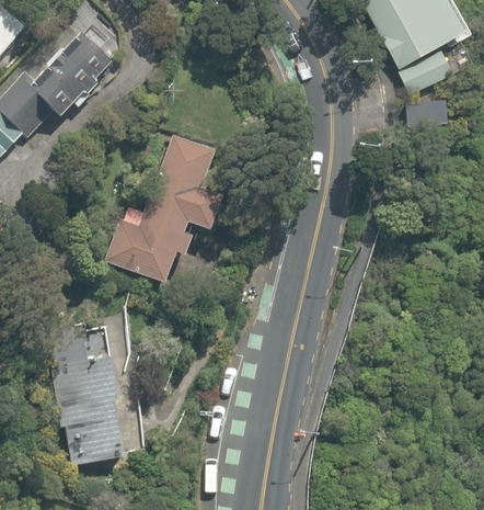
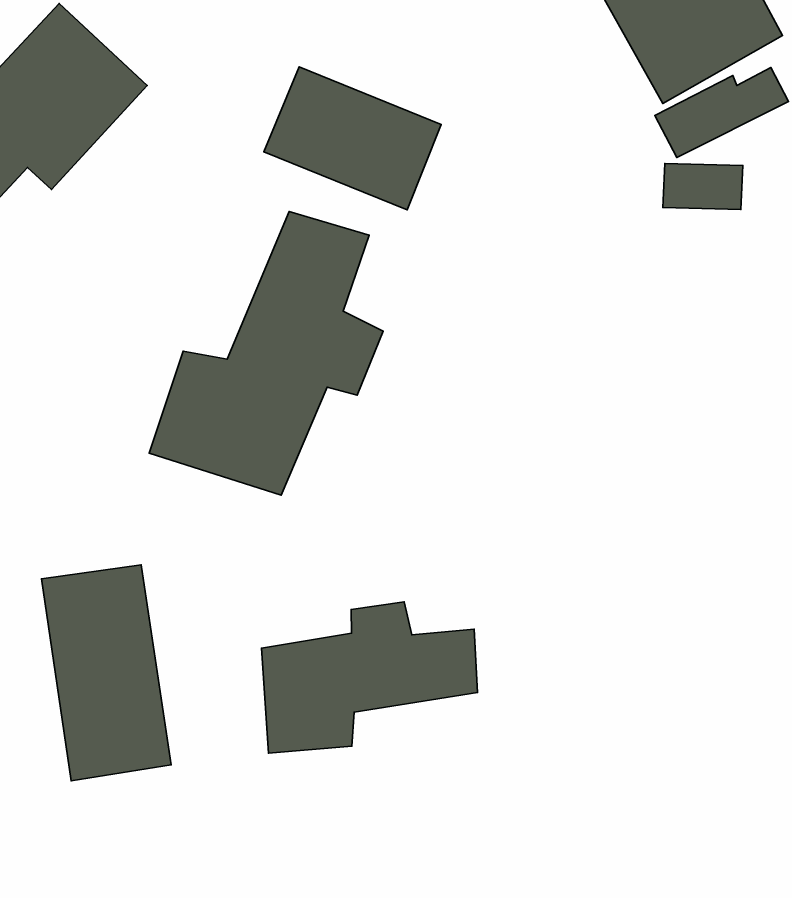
building: none -> [264,67,441,210]
building: none -> [261,602,477,753]

